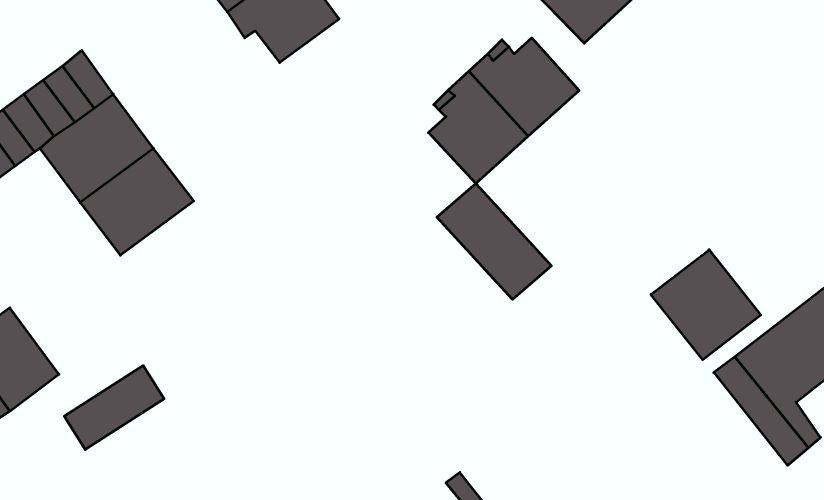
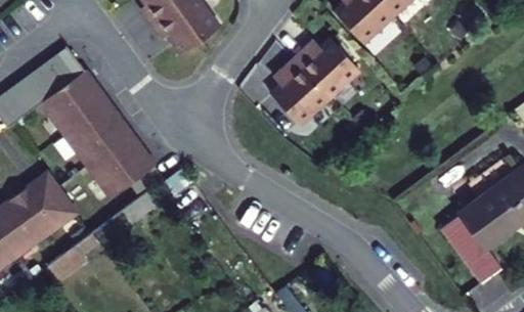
building: [437,183,551,299] -> none
building: none -> [84,131,162,196]
building: [651,250,761,360] -> none
building: none -> [19,172,78,232]

